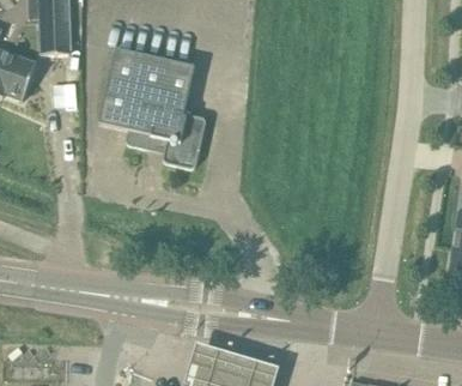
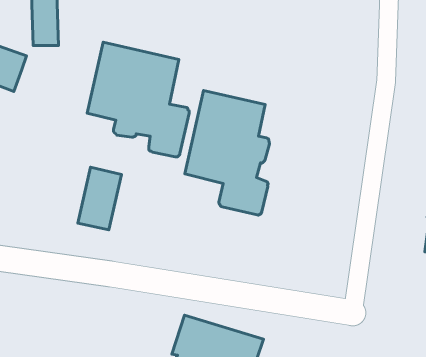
building: none -> [185,91,270,215]
building: none -> [78,167,121,230]

